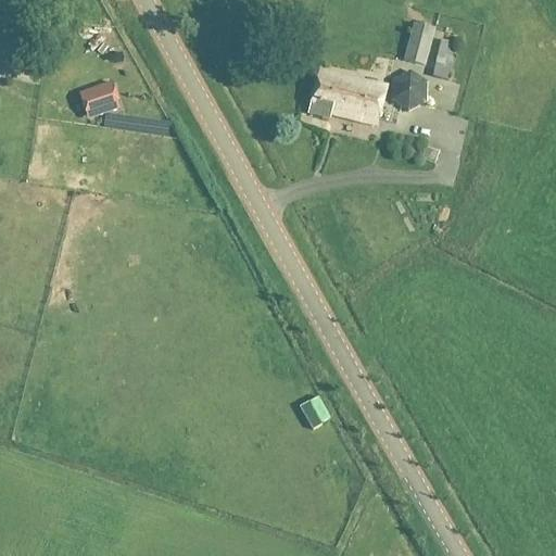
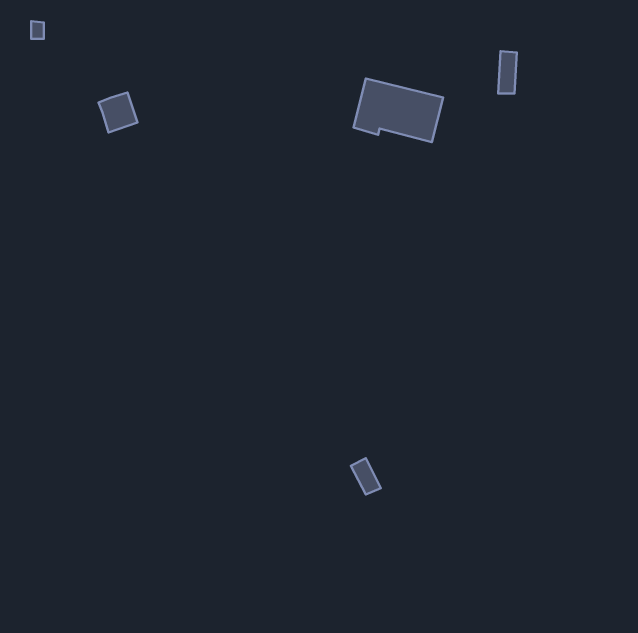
building: [402,22,434,64] -> none
building: [389,71,425,110] -> none

